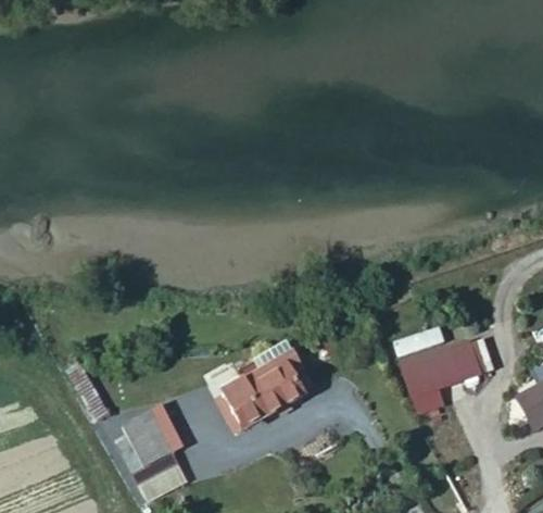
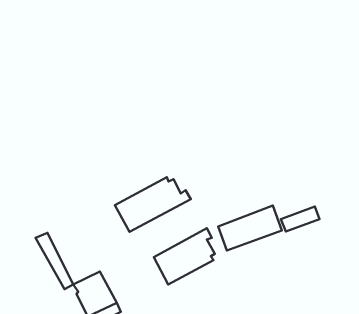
building: none -> [115,177,191,232]
building: [404,334,490,395] -> [218,206,282,251]

